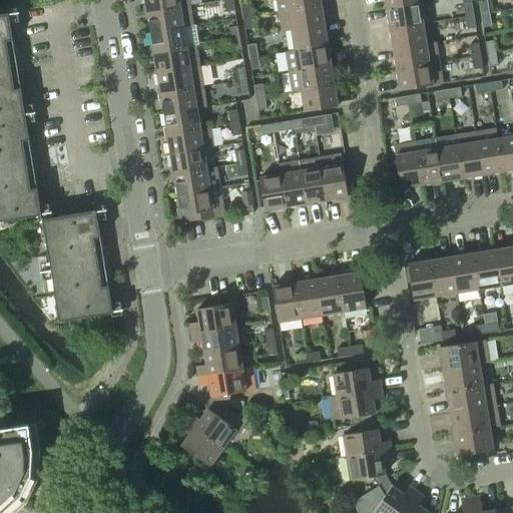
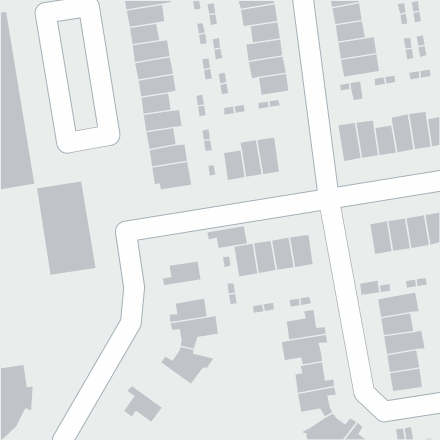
building: [320,155,347,200] -> none
building: [407,261,436,300] -> none
building: [190,326,238,353] -> [207,226,248,249]
building: [176,422,222,466] -> [123,385,163,423]

